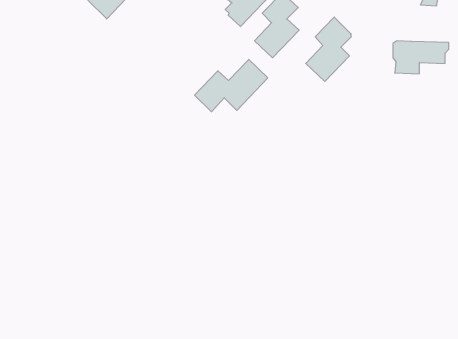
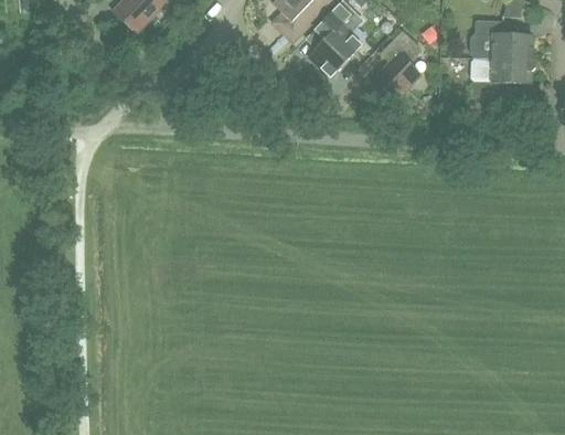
building: none -> [470,18,536,57]
building: [195,59,268,112] -> none

